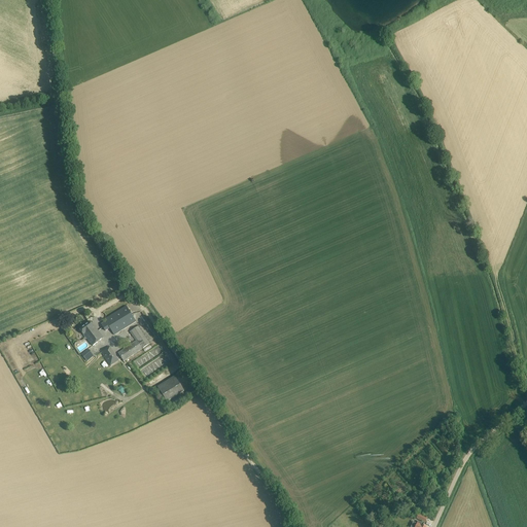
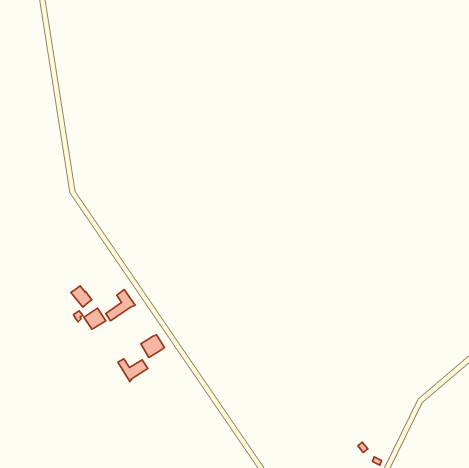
building: [103,305,137,333] -> none
building: none -> [118,359,148,382]

